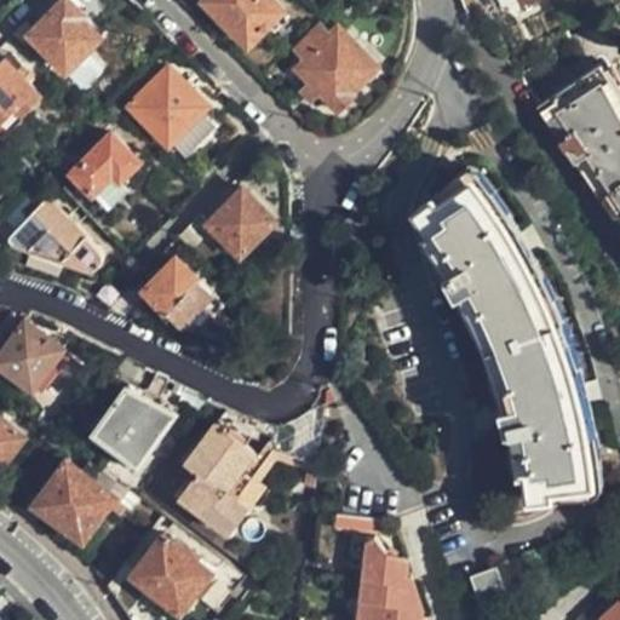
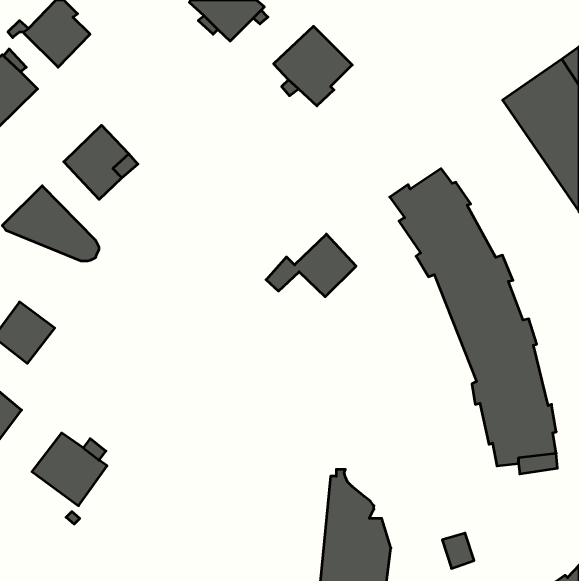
building: [128,69,214,159] -> none
building: [176,190,271,257] -> [266,234,356,297]
building: [105,258,223,328] -> none
building: [91,388,174,465] -> none
building: [184,423,262,532] -> none
building: [130,534,211,612] -> none

